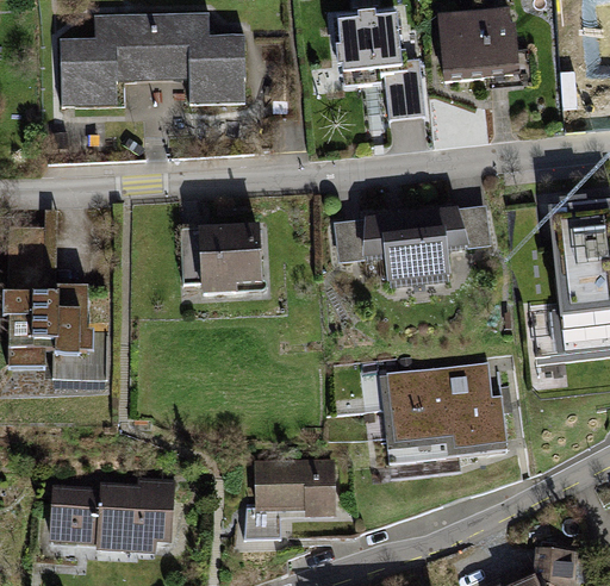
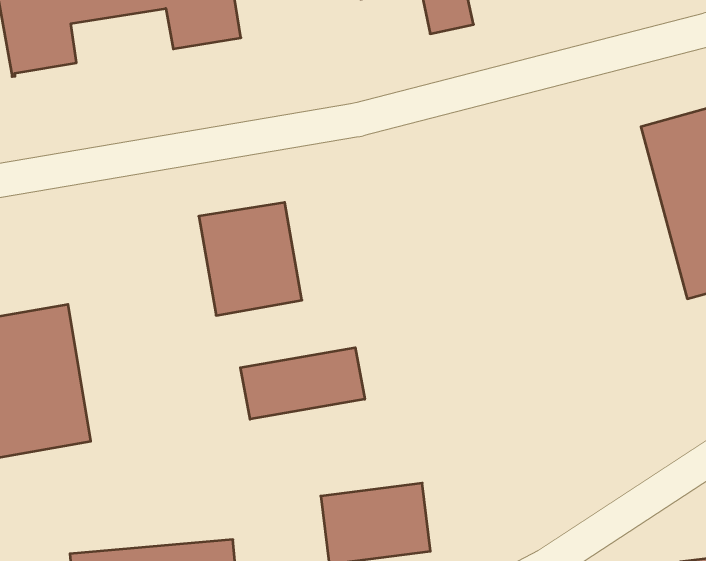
building: [341,206,490,288] -> none
building: none -> [240,348,365,419]
building: [384,363,509,467] -> none

